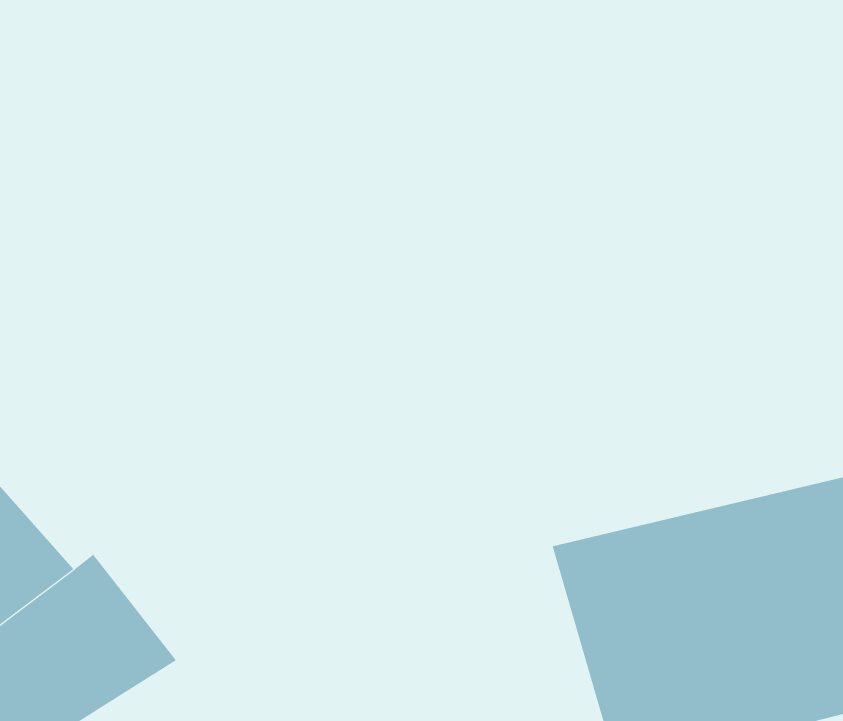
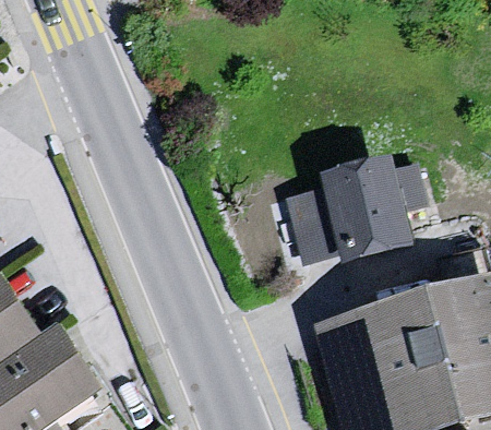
building: none -> [290,144,431,251]

